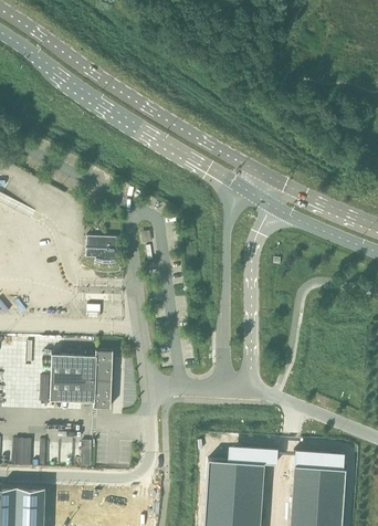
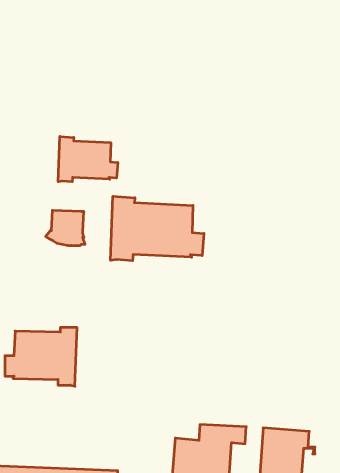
building: none -> [58,136,118,182]
building: none -> [111,196,204,261]

